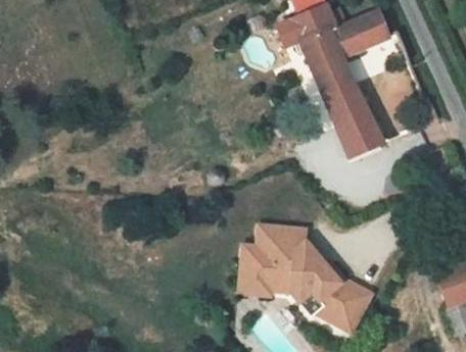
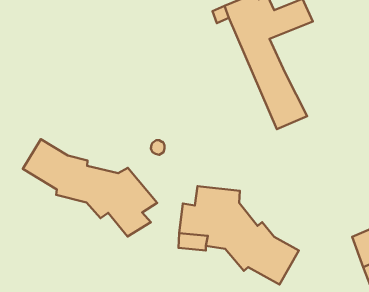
building: none -> [23,139,157,236]

